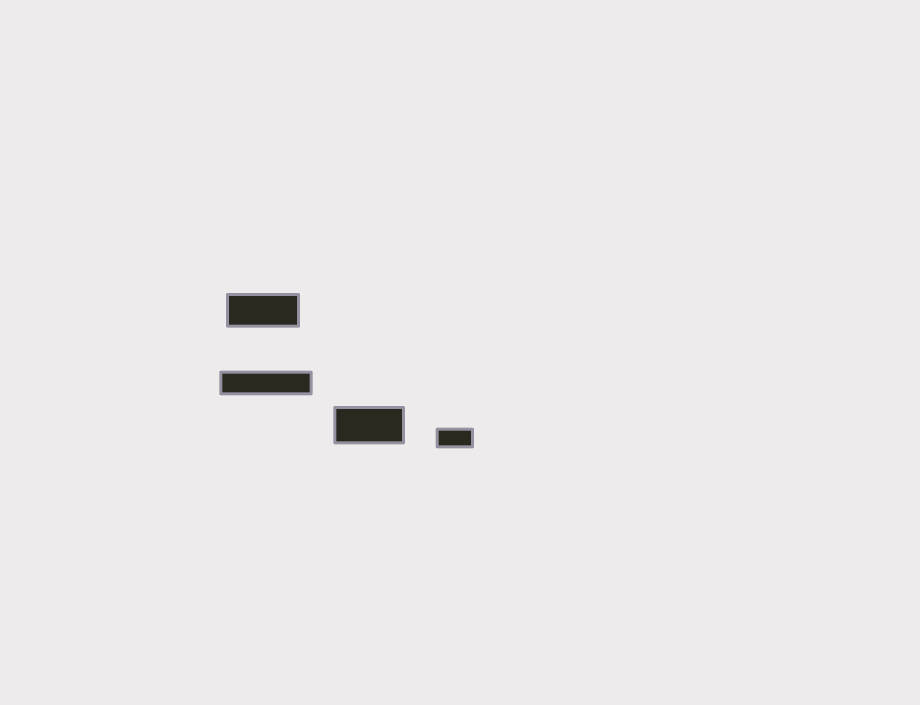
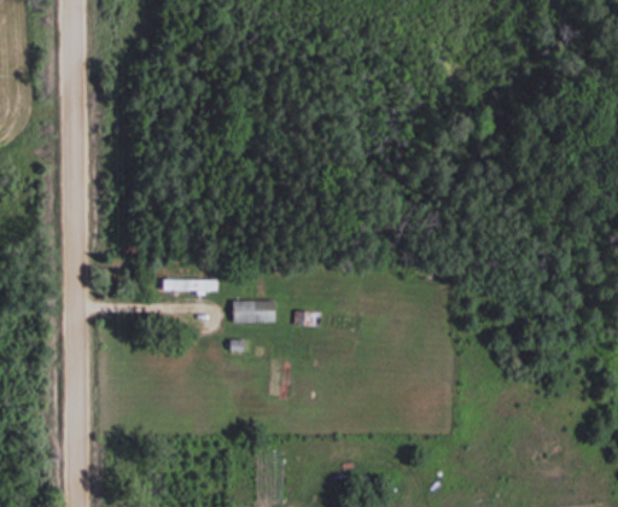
building: [228,294,298,326] -> none

